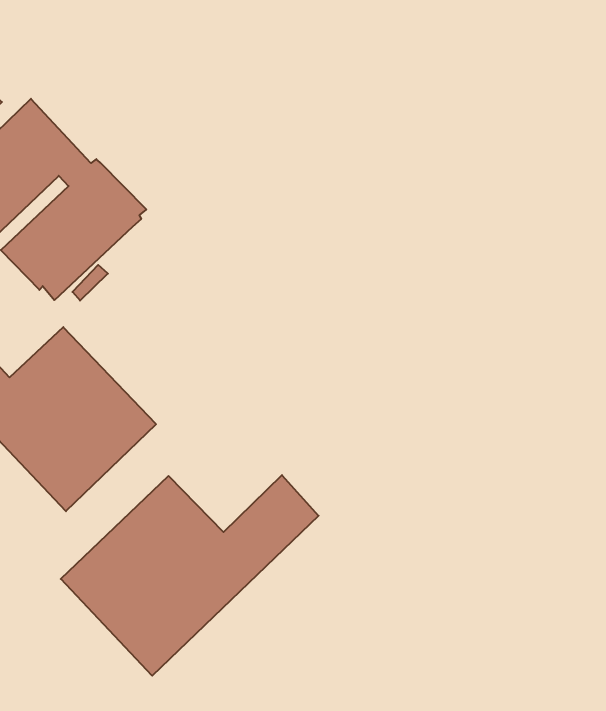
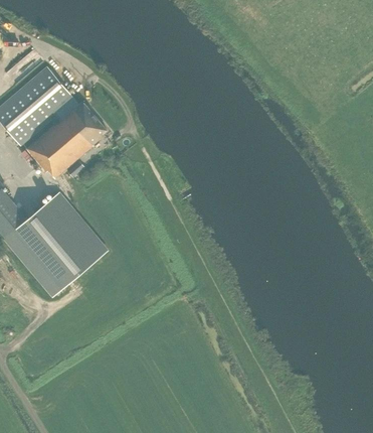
building: [61,475,319,676] -> none

